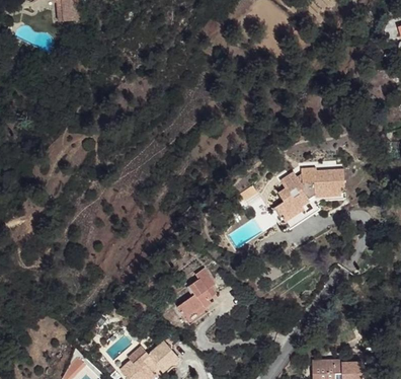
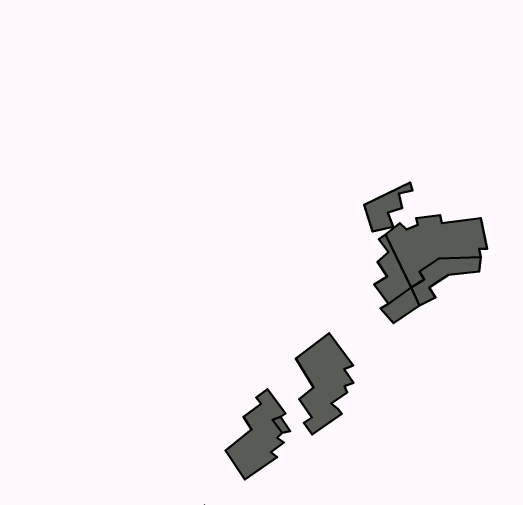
building: none -> [364,183,413,232]
building: none -> [296,333,353,435]

